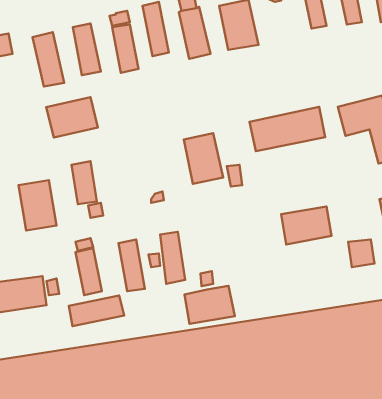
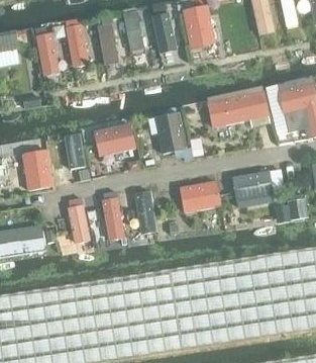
building: [46,97,98,137] -> [95,124,136,157]
building: [184,286,235,324] -> [181,182,221,212]
building: [69,296,124,326] -> none

